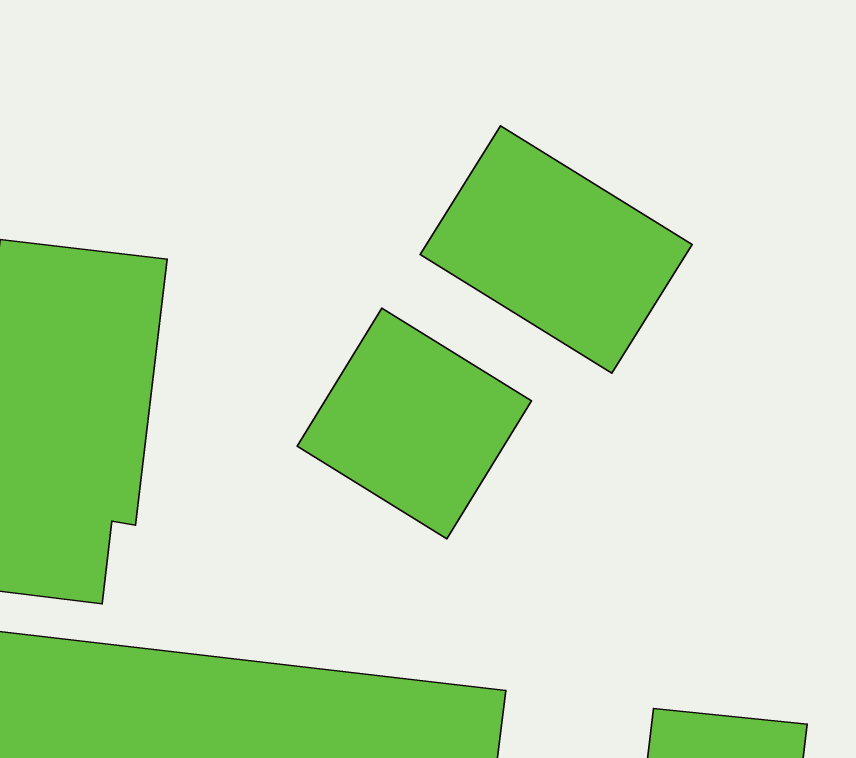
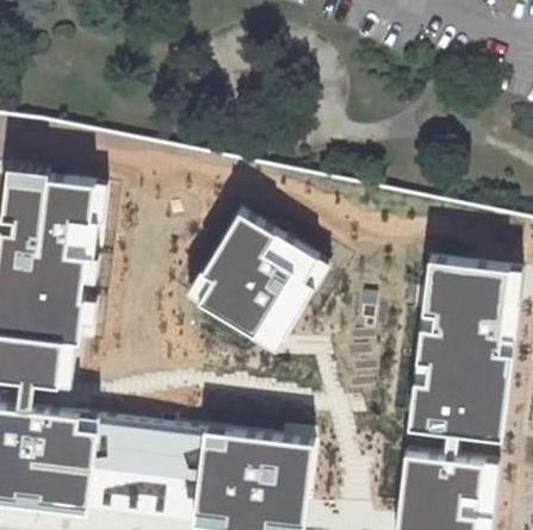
building: [420,126,692,373] -> none
building: none -> [407,260,519,442]

